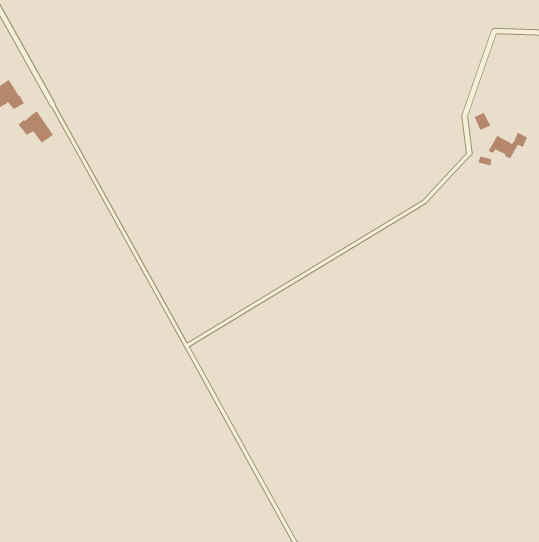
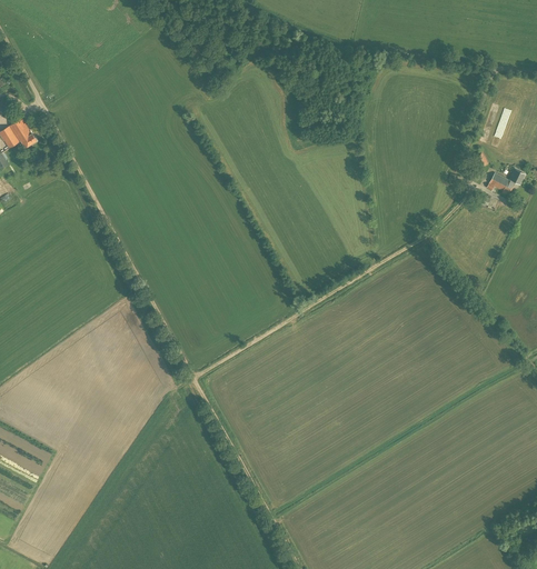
building: [18,111,54,144] -> none

